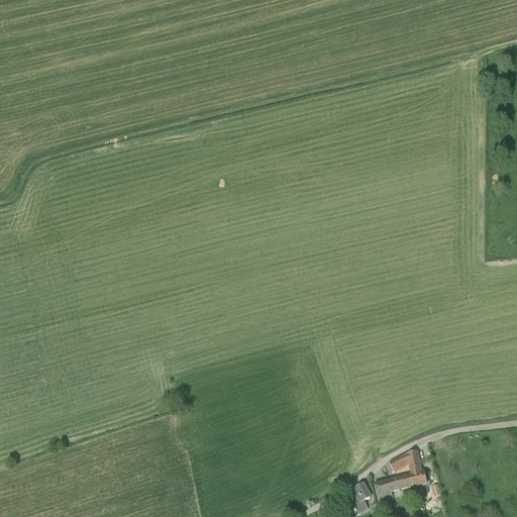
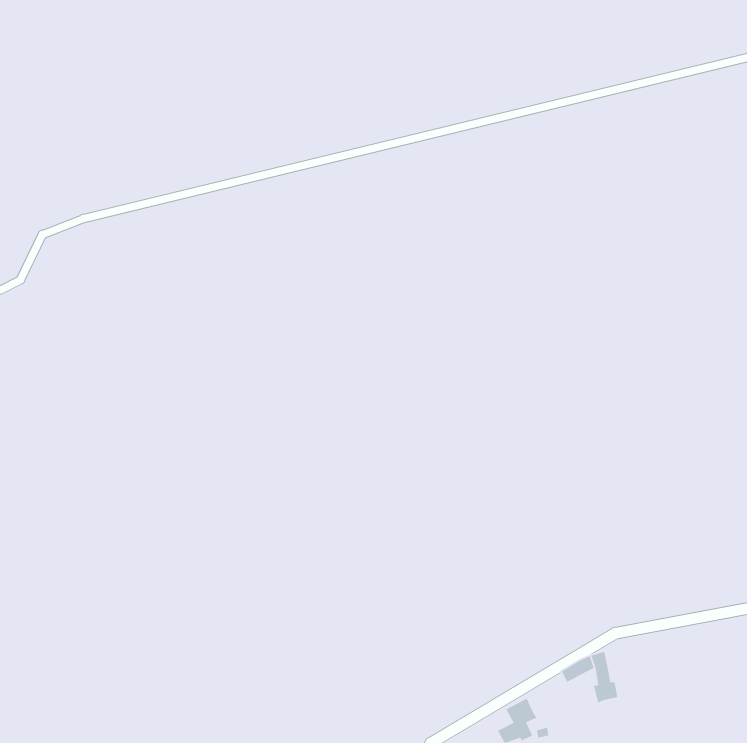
building: [376,473,413,499] -> none

